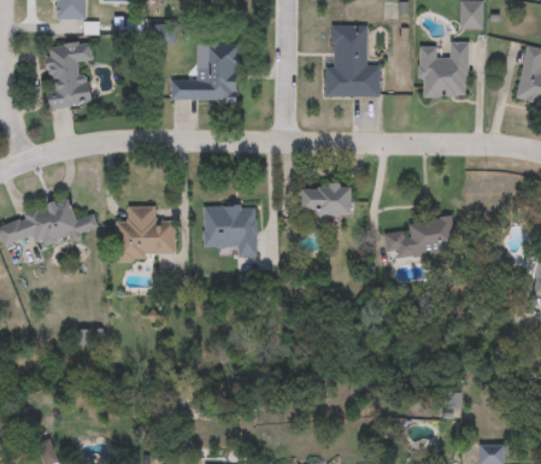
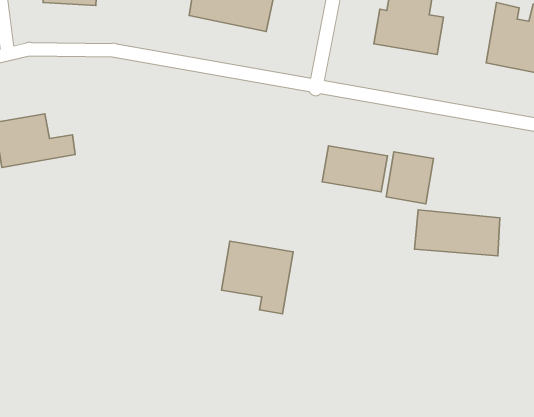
building: none -> [386,152,433,204]
building: [116,205,175,260] -> none
building: [204,205,257,257] -> [221,241,293,314]

